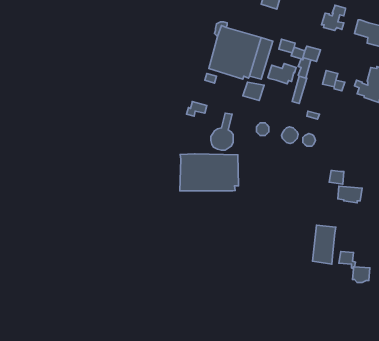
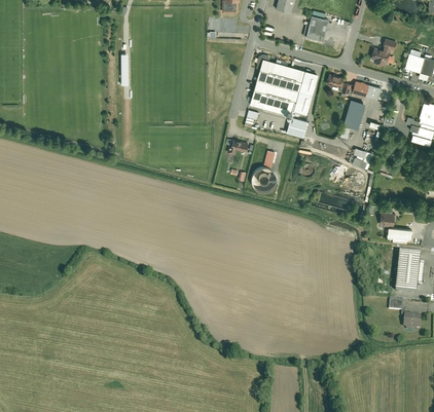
building: [268,63,296,84] -> none
building: [180,154,239,191] -> none
building: [312,225,336,264] -> [397,254,422,295]

